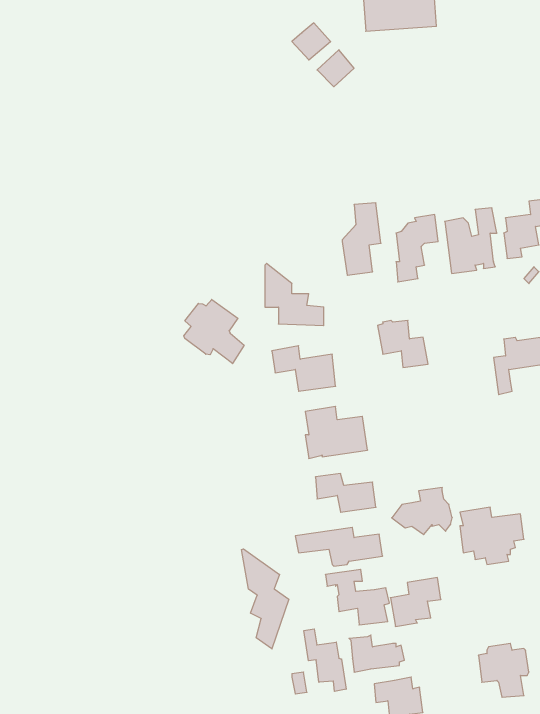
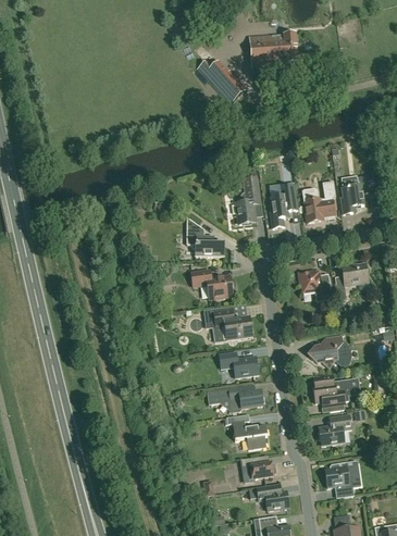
building: [184,299,244,364] -> none
building: [378,320,428,367] -> [299,271,332,301]
building: [392,488,452,535] -> [308,336,347,366]
building: [241,549,289,649] -> none
building: [390,578,441,626] -> [318,414,350,446]
building: [304,629,346,691] -> none

